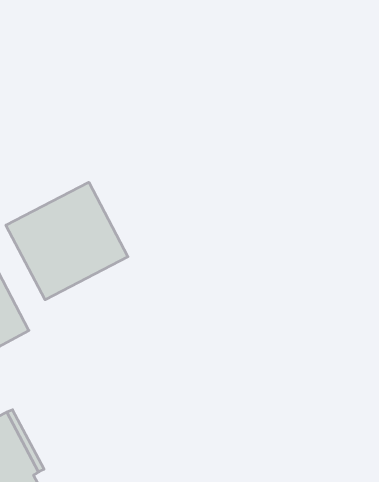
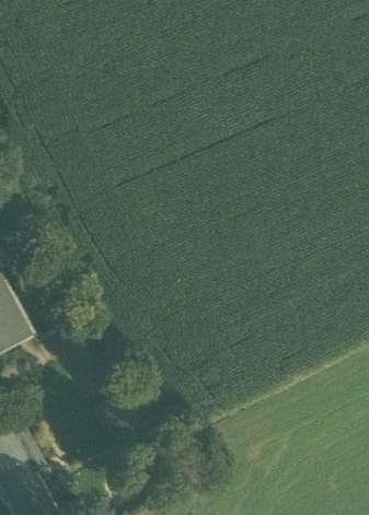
building: [6,182,128,300] -> none

